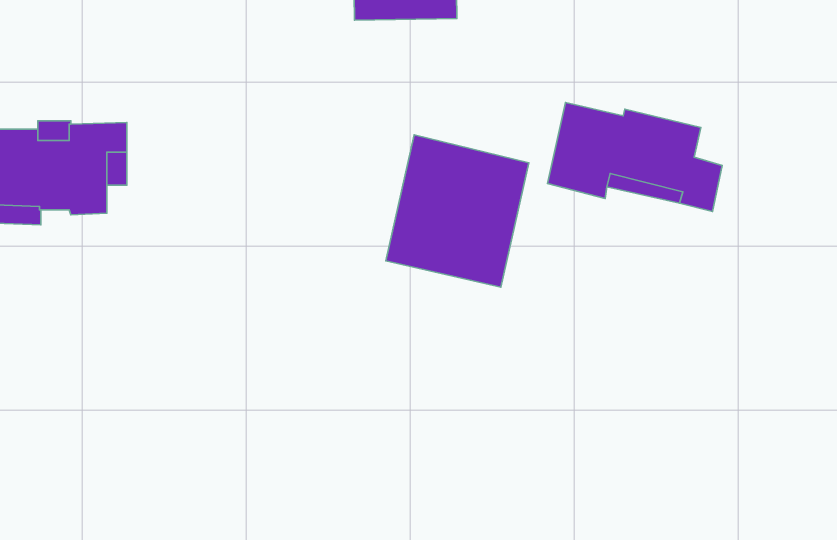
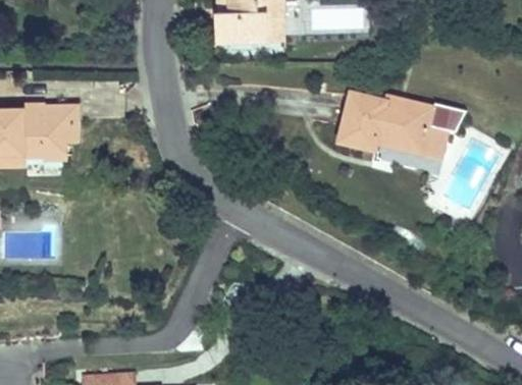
building: [386,135,529,287] -> none

